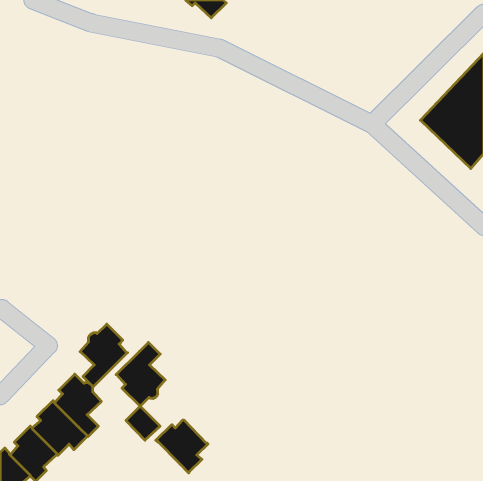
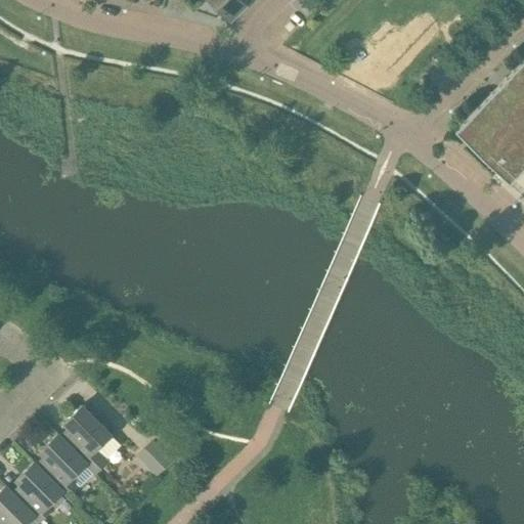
building: [80,324,128,387] -> none
building: [116,342,165,406] -> none
building: [156,420,208,473] -> none

